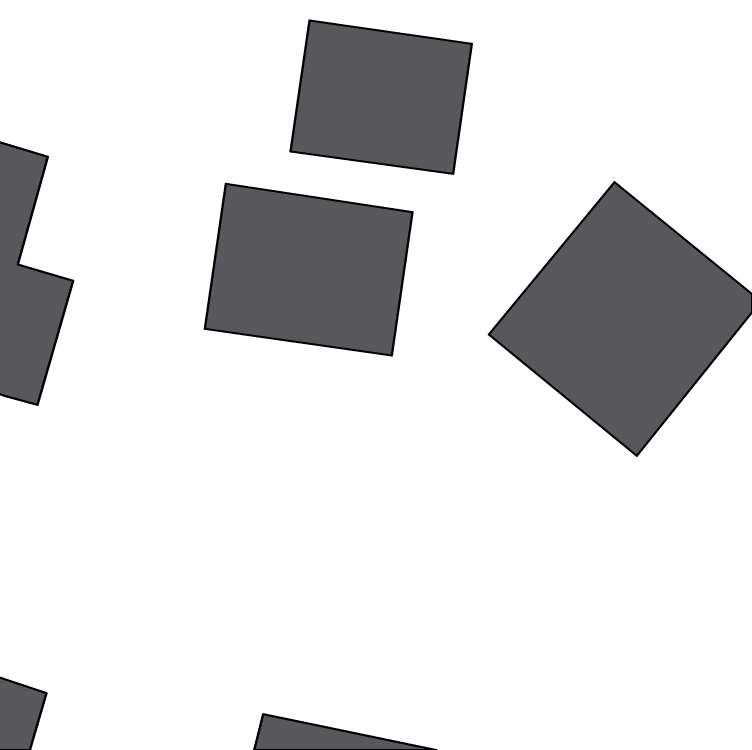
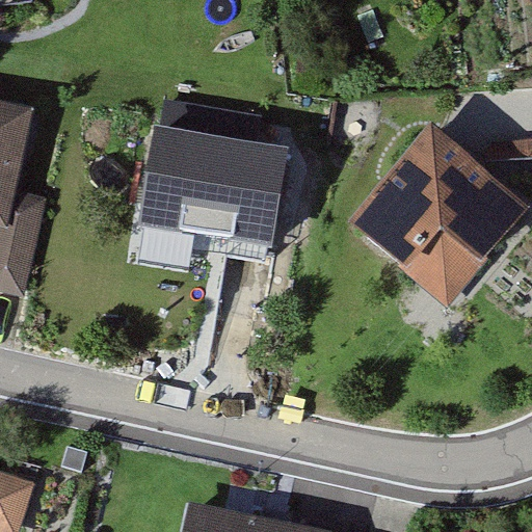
building: [291,21,472,174] -> none

